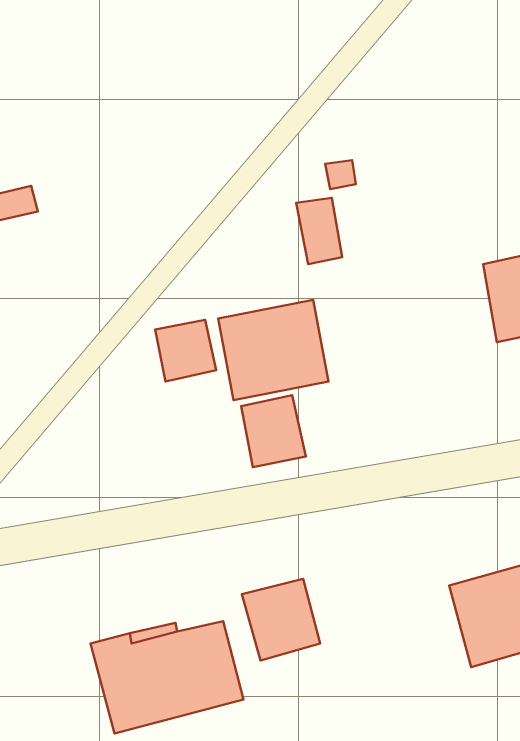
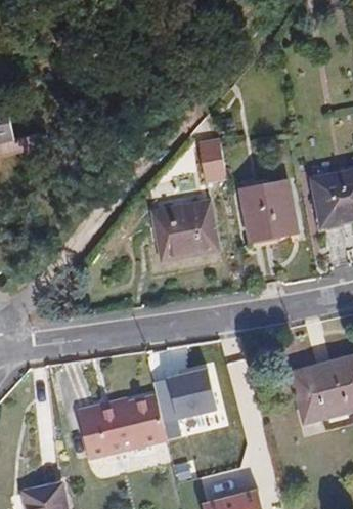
building: none -> [240,181,298,242]
building: [155,320,216,382] -> none
building: [241,395,306,467] -> none

